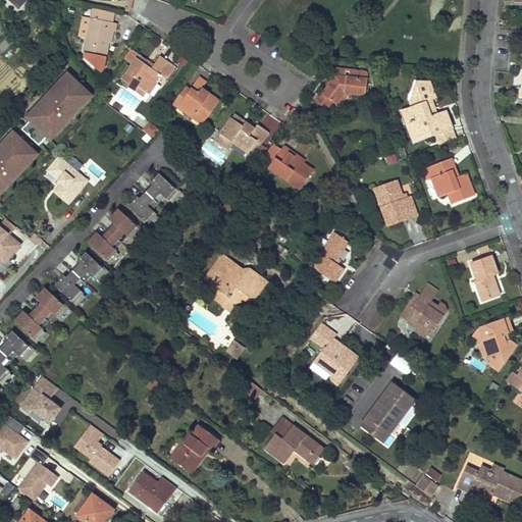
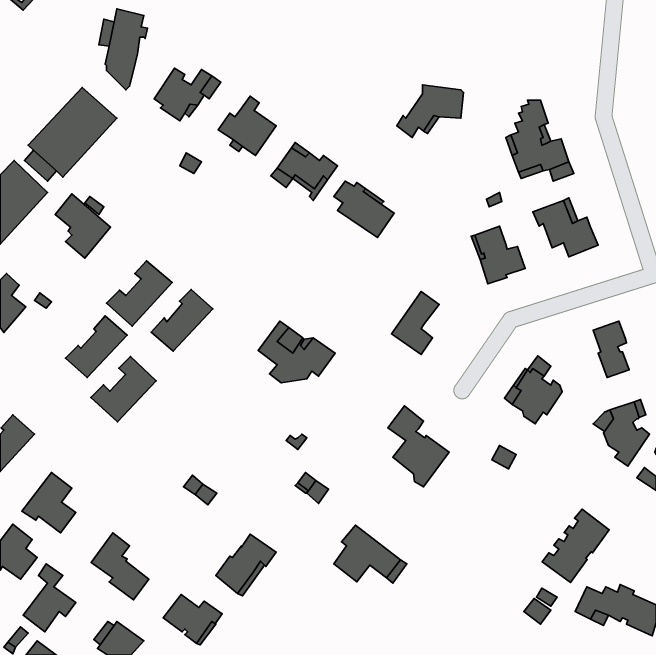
building: [125,172,174,221] -> [151,290,213,351]
building: [11,286,63,338] -> [91,356,156,422]
building: [361,383,414,441] -> [542,509,609,582]

